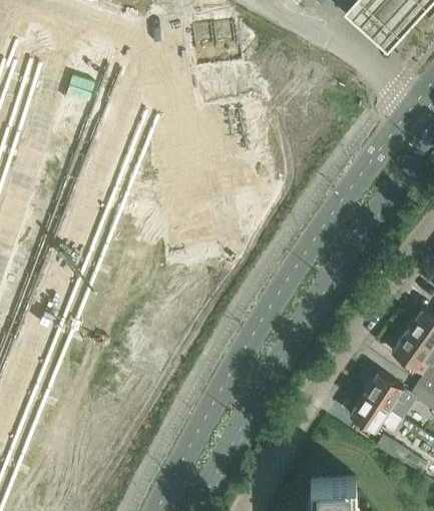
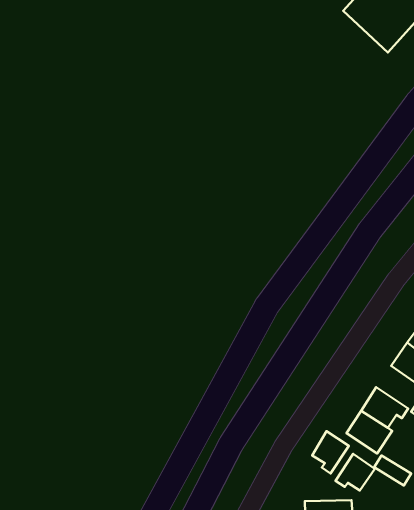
building: none -> [312,431,349,473]
building: none -> [336,454,375,491]

